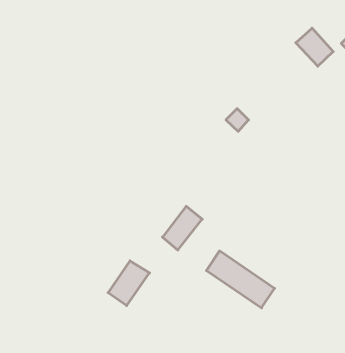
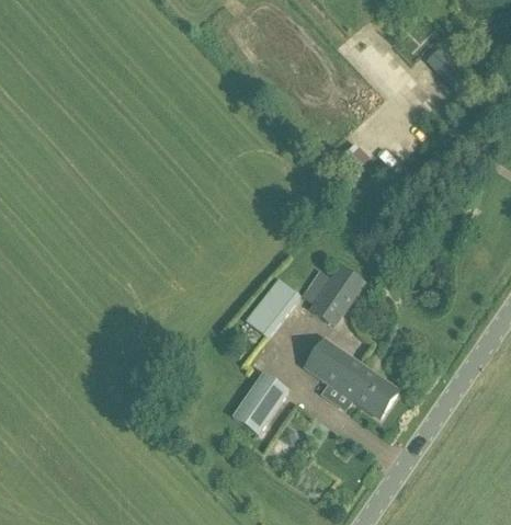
building: none -> [309,264,364,326]
building: [108,261,150,306] -> [232,373,288,433]

